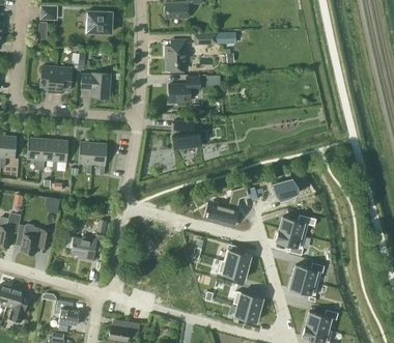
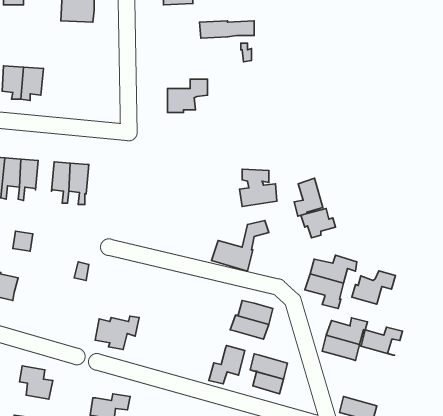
building: [165,39,186,69] -> none
building: [81,73,109,96] -> none
building: [171,120,200,149] -> [240,169,277,207]
building: none -> [294,178,323,216]
building: none -> [352,271,395,304]
building: [69,234,104,260] -> [95,316,139,350]
building: none -> [209,345,245,384]
building: [305,309,338,331] -> [360,327,402,355]

